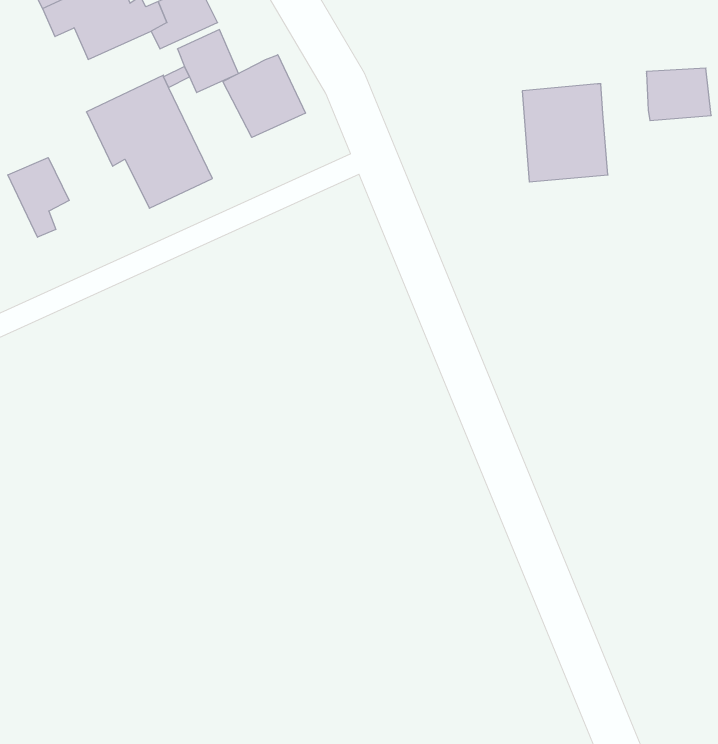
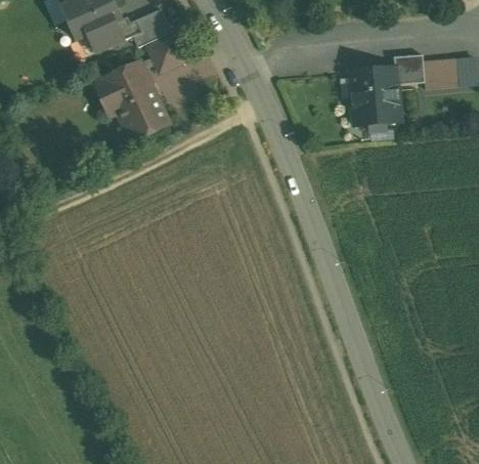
building: [223,55,305,137] -> none
building: none -> [394,53,424,84]
building: [8,158,69,237] -> none

